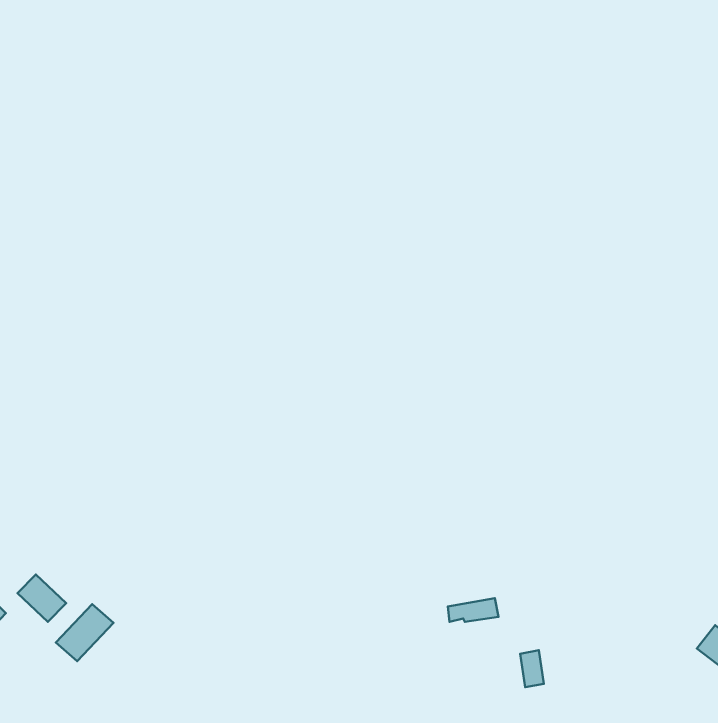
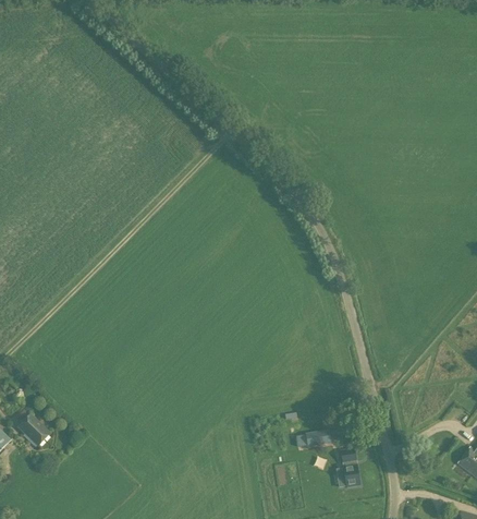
building: [56,604,113,661] -> none

